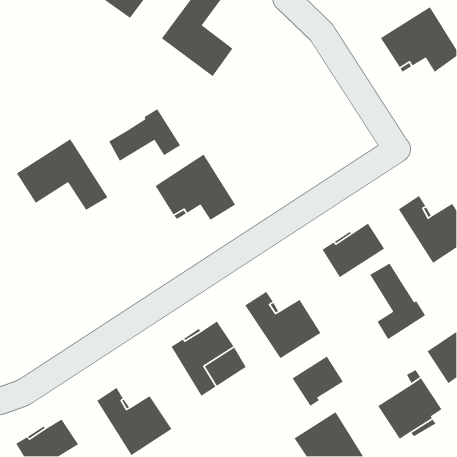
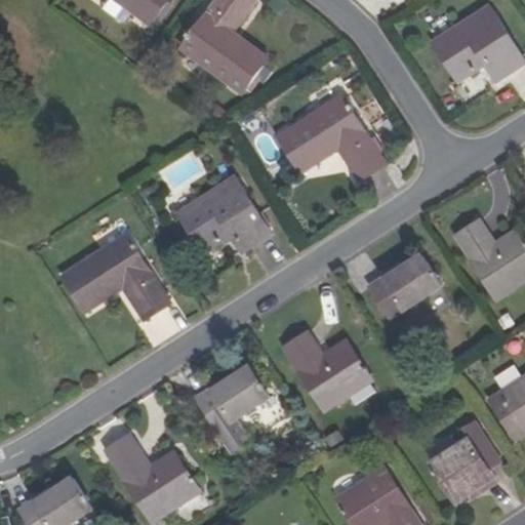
building: none -> [278,96,383,179]
building: [108,108,181,162] -> none
building: [16,138,108,211] -> [65,235,170,318]
building: [369,262,426,340] -> none
building: [292,355,344,407] -> none

